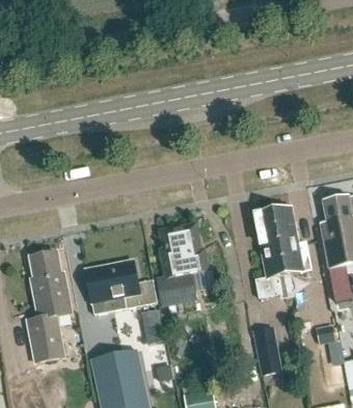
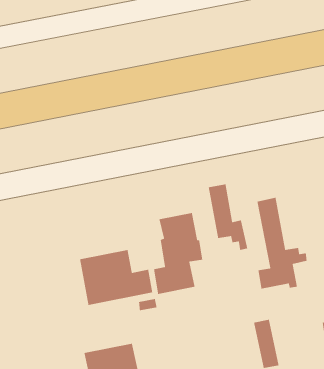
building: [274,208,313,272] -> [208,183,248,251]
building: [27,251,72,362] -> none

